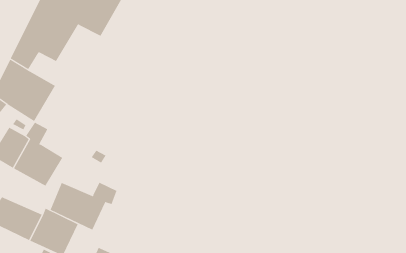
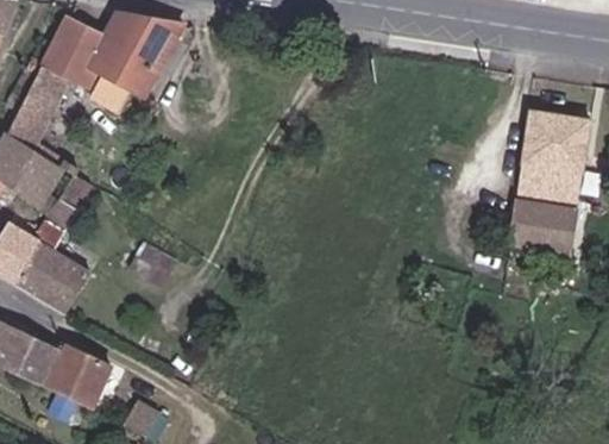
building: none -> [495,104,577,257]
building: [50,182,117,231] -> none

